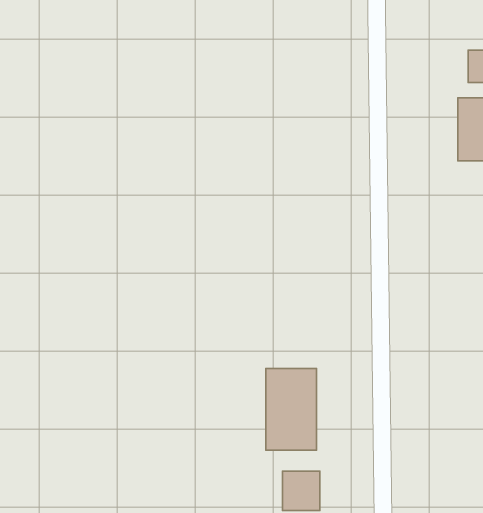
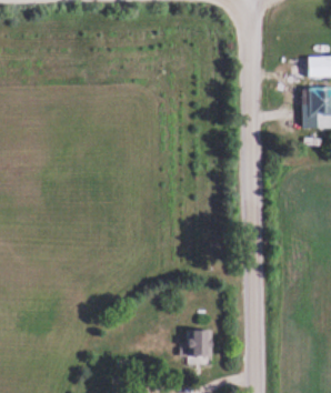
building: [266,369,316,450] -> none

